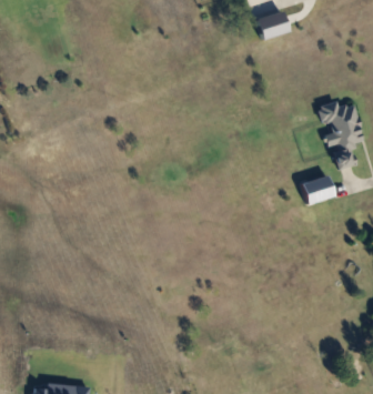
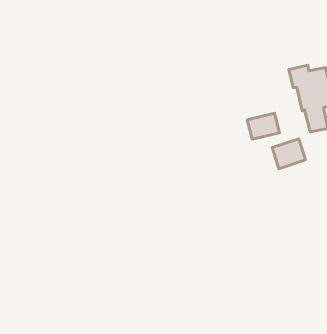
building: none -> [247,113,280,139]

